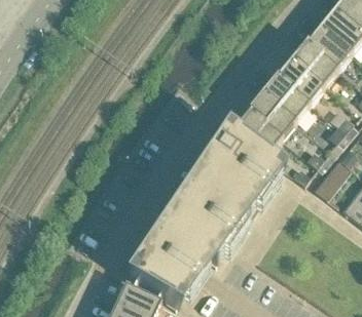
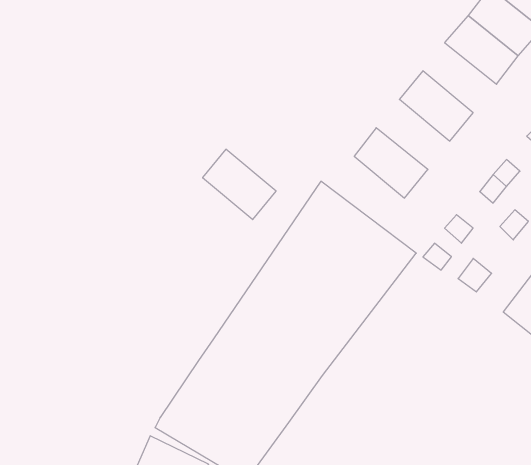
building: [292,46,337,89] -> none
building: [263,81,309,124] -> none
building: [236,116,281,159] -> [203,149,276,220]

